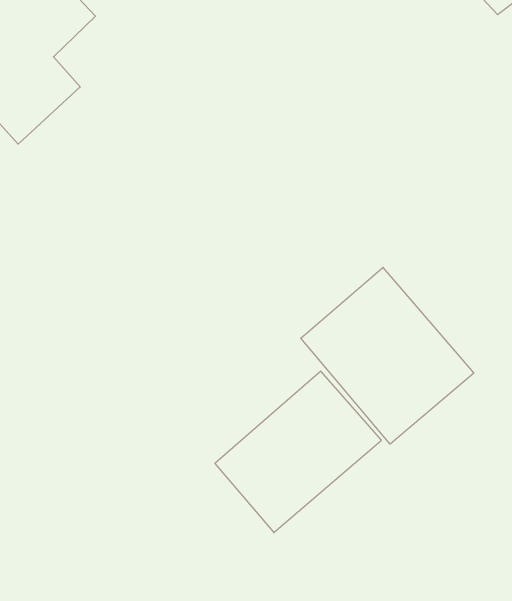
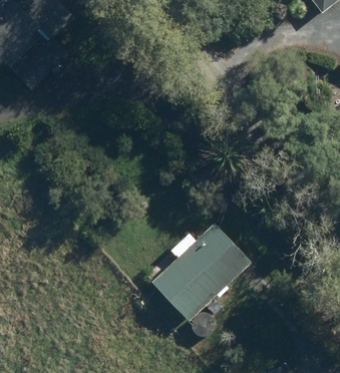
building: [301,267,474,444] -> none

